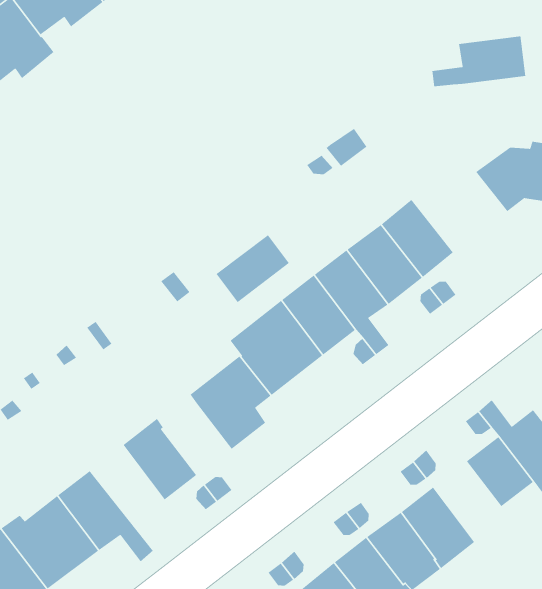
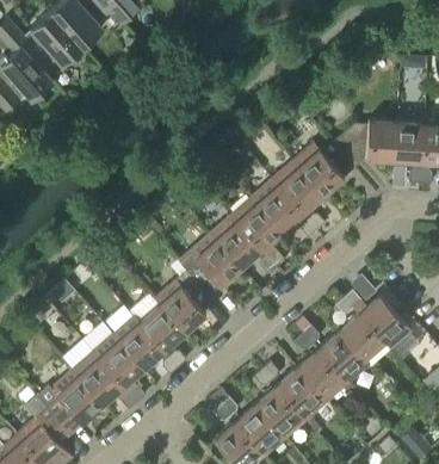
building: [431,35,526,87] -> none
building: none -> [292,141,355,194]
building: [216,234,290,303] -> none
building: none -> [138,304,185,351]
building: none -> [93,334,147,402]
building: none -> [319,330,369,383]

